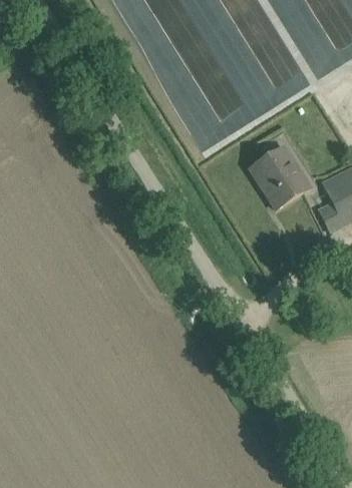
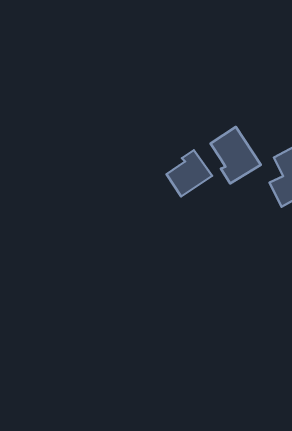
building: none -> [166,150,212,196]

